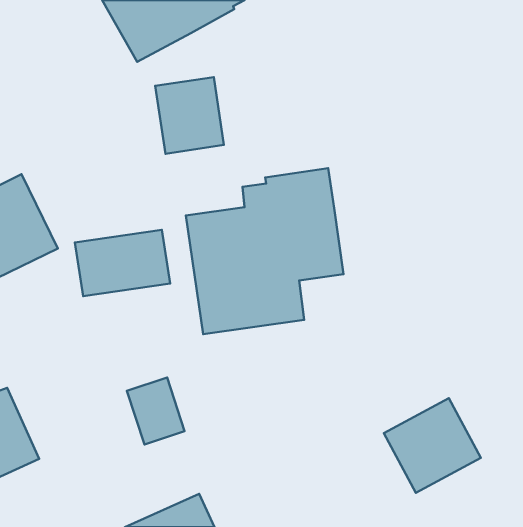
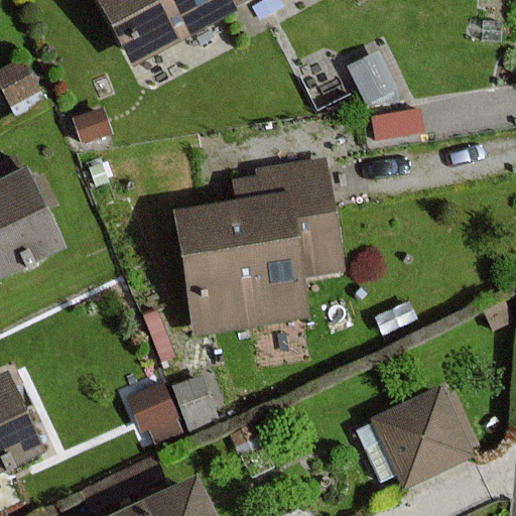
building: [155,77,224,154] -> none
building: [75,230,170,296] -> none

